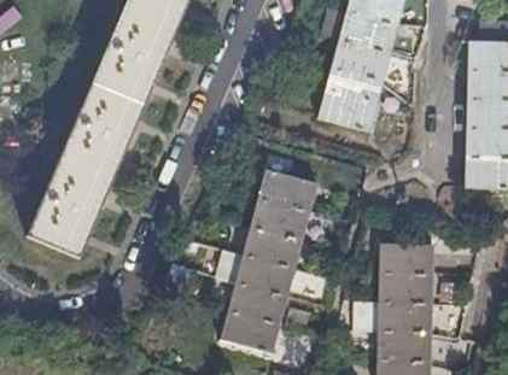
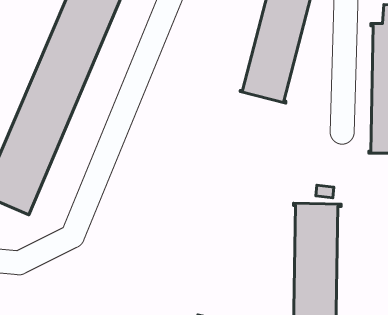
building: [221,170,317,352] -> none

